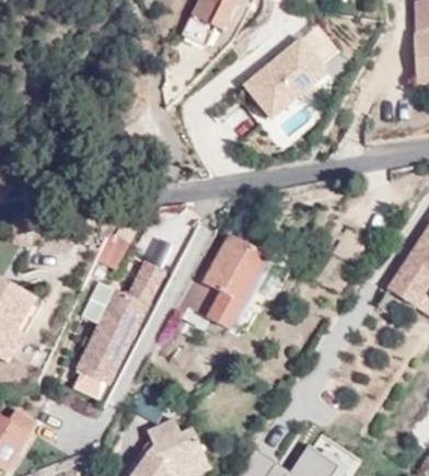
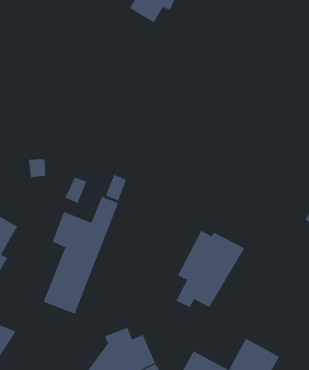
building: [242,37,331,124] -> none
building: [187,235,271,329] -> [176,230,245,308]

